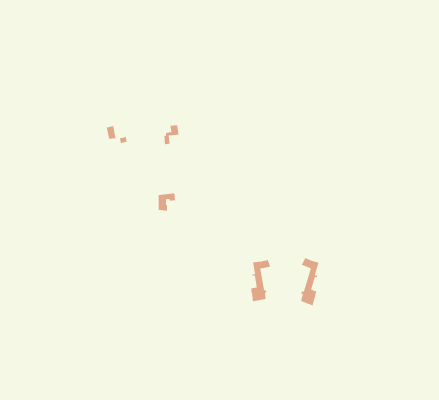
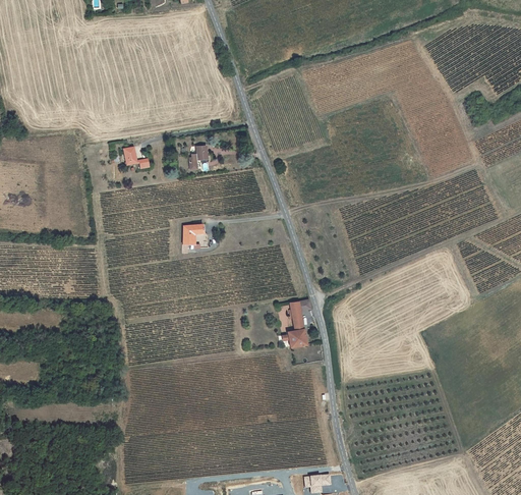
building: [300,257,319,307] -> none

